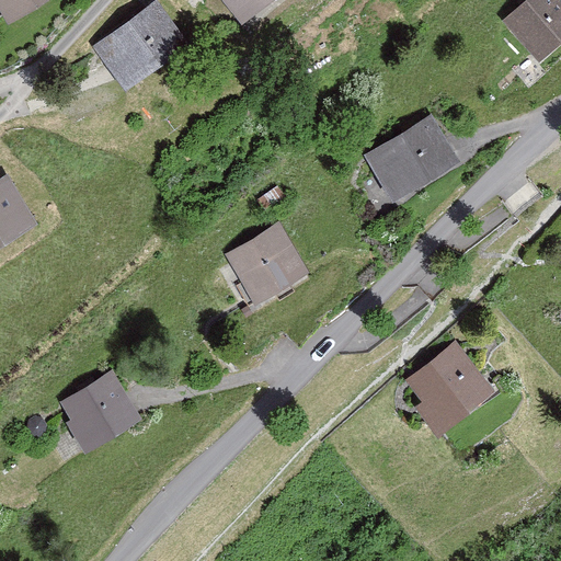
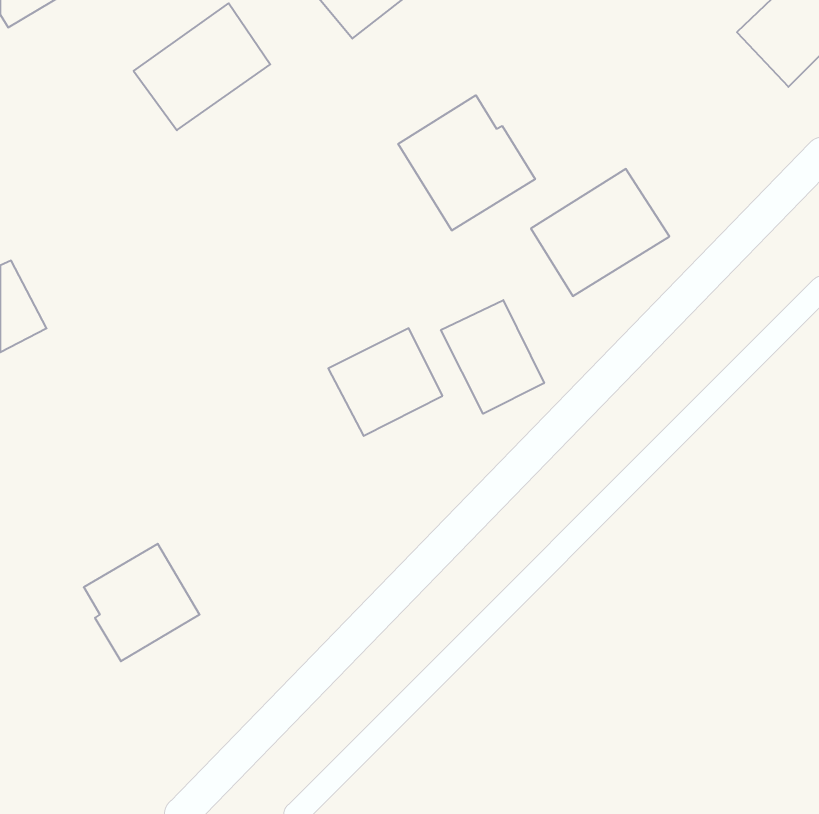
building: none -> [398,95,535,231]
building: none -> [441,300,544,414]
building: [405,340,495,435] -> none

